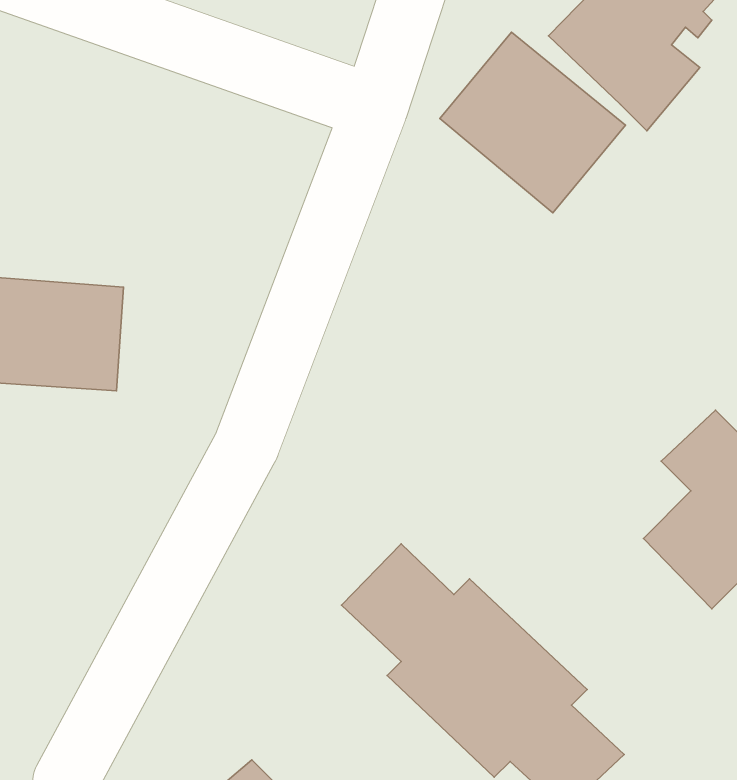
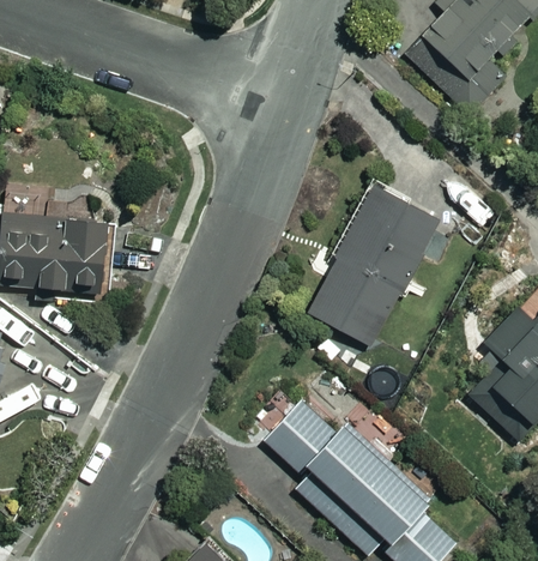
building: [440,32,626,213] -> none
building: none -> [309,186,435,345]

